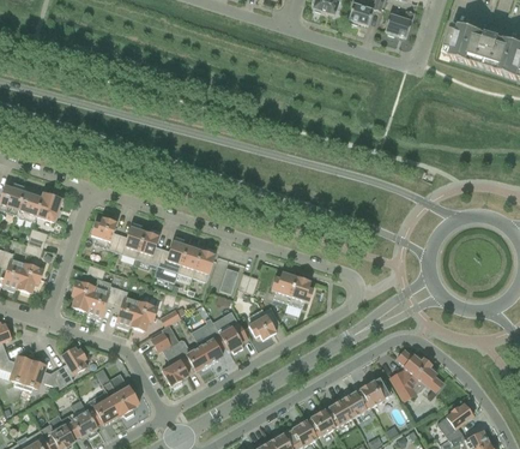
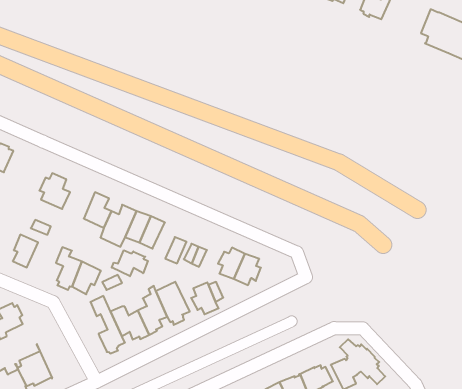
building: [115,227,145,258] -> none
building: [86,285,119,318] -> none
building: none -> [112,250,148,276]
building: [103,381,139,417] -> none

